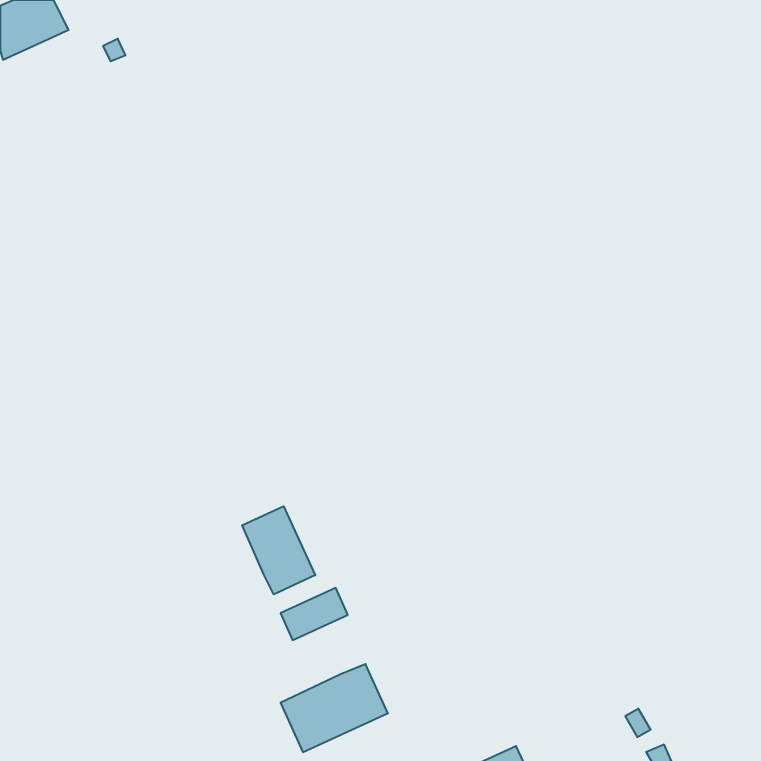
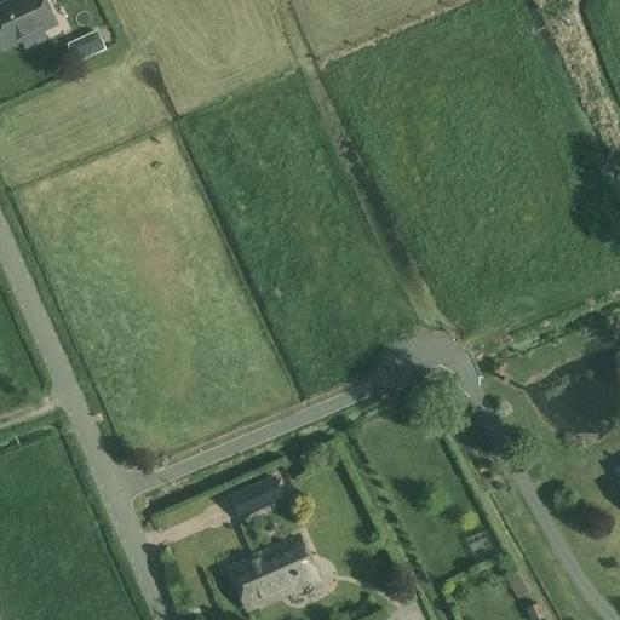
building: [242,506,315,594] -> none

